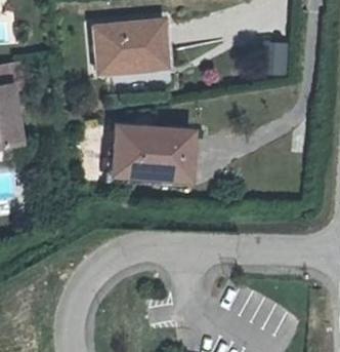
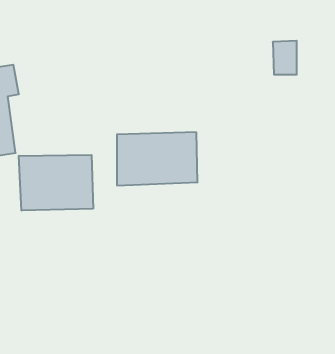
building: [94,17,163,72] -> none
building: none -> [19,155,93,211]

